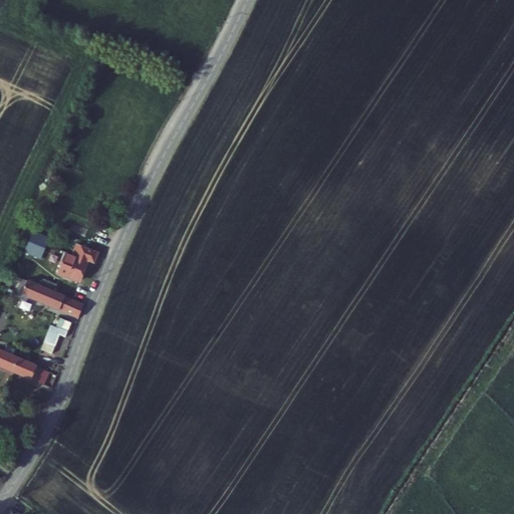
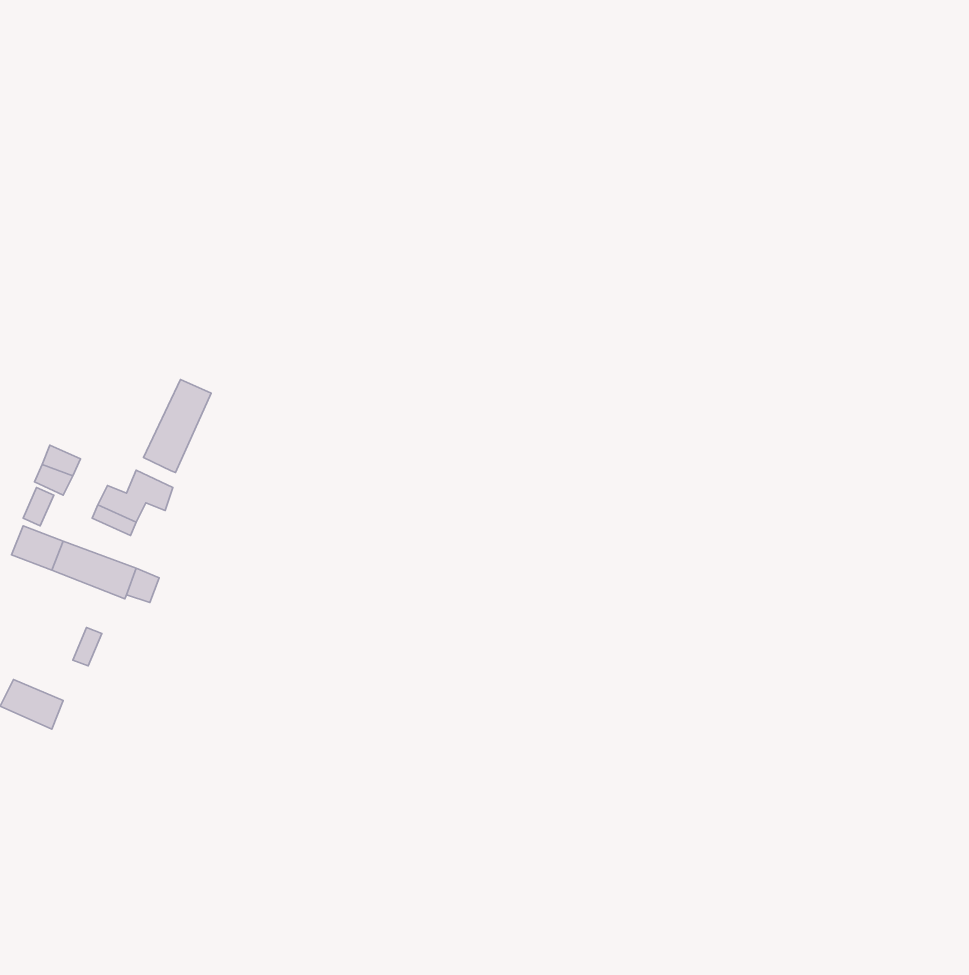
building: none -> [143,380,211,472]

